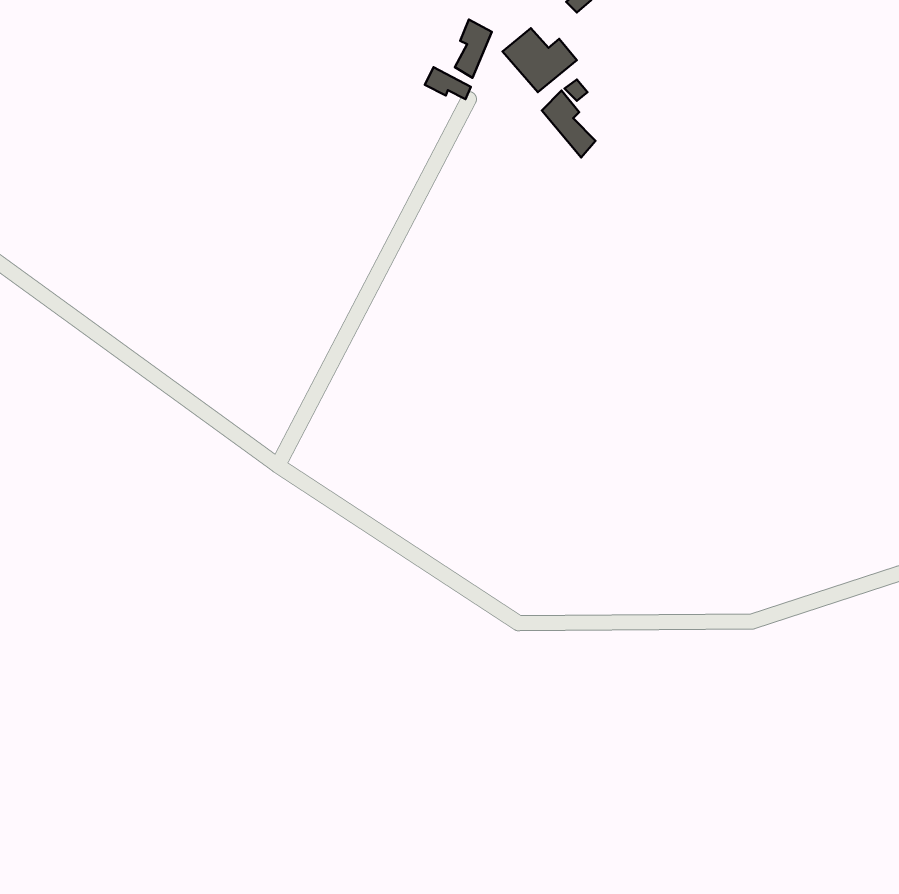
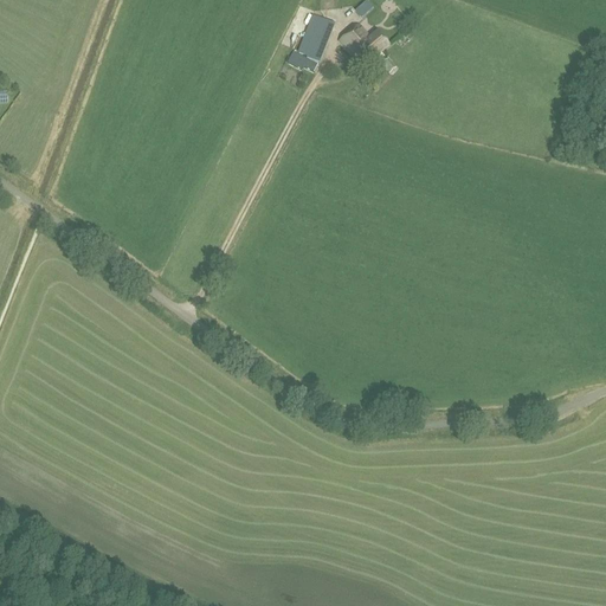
building: [542,90,596,158] -> none

